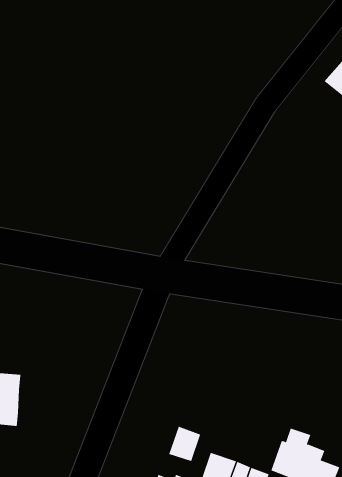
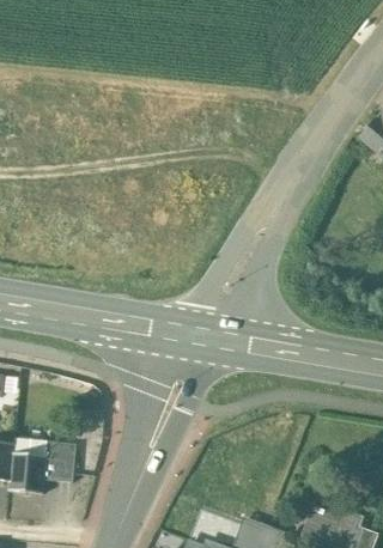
building: none -> [44,442,75,482]
building: [168,426,201,462] -> none

